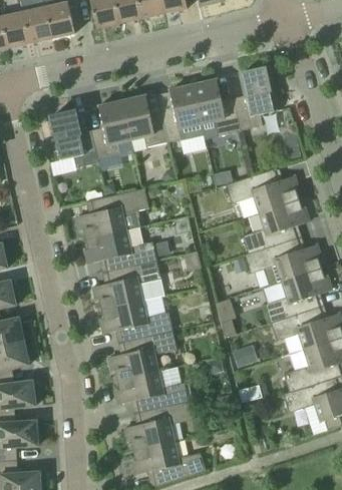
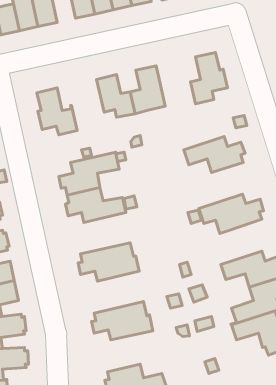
building: [193,78,240,135] -> none
building: [91,100,130,161] -> none
building: [242,199,309,255] -> none
building: [92,260,164,309] -> none
building: [265,268,331,322] -> none
building: [108,330,177,380] -> none
building: [124,401,193,450] -> none

